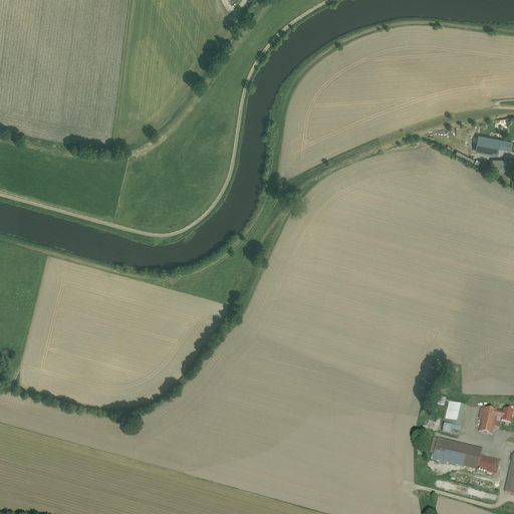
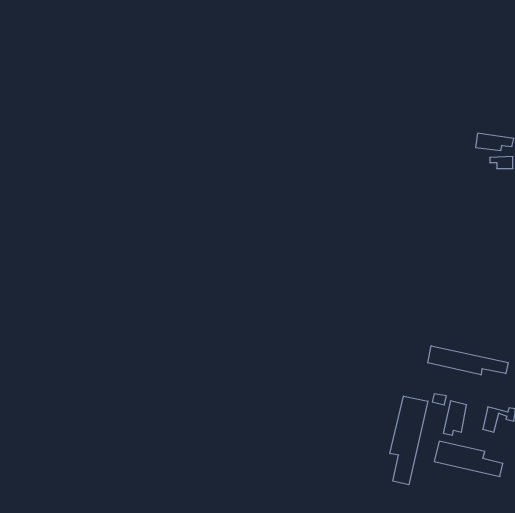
building: none -> [428,346,508,375]
building: none -> [390,396,428,485]

